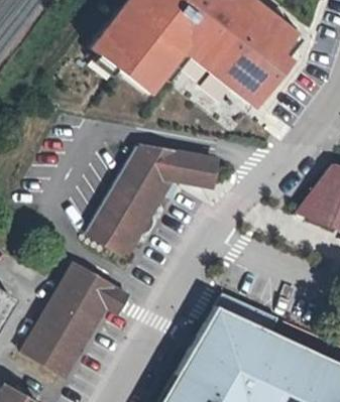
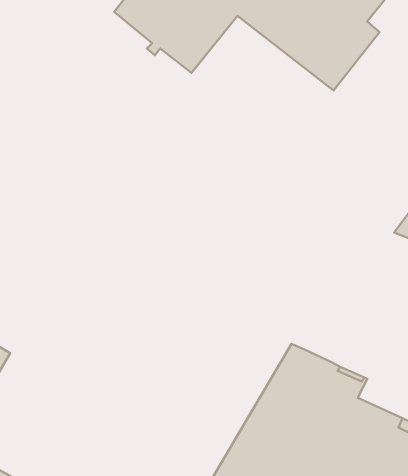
building: [88,147,217,257] -> none
building: [24,265,117,377] -> none

